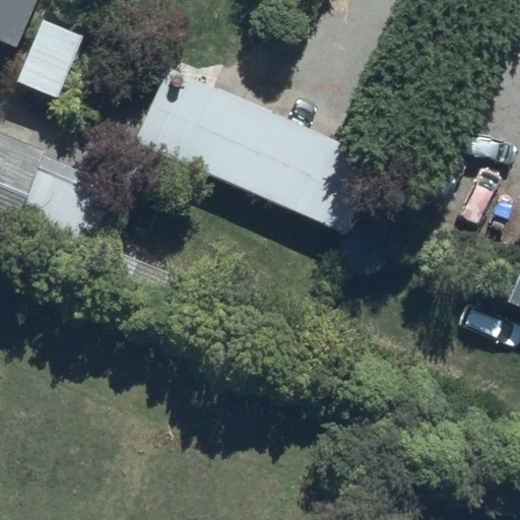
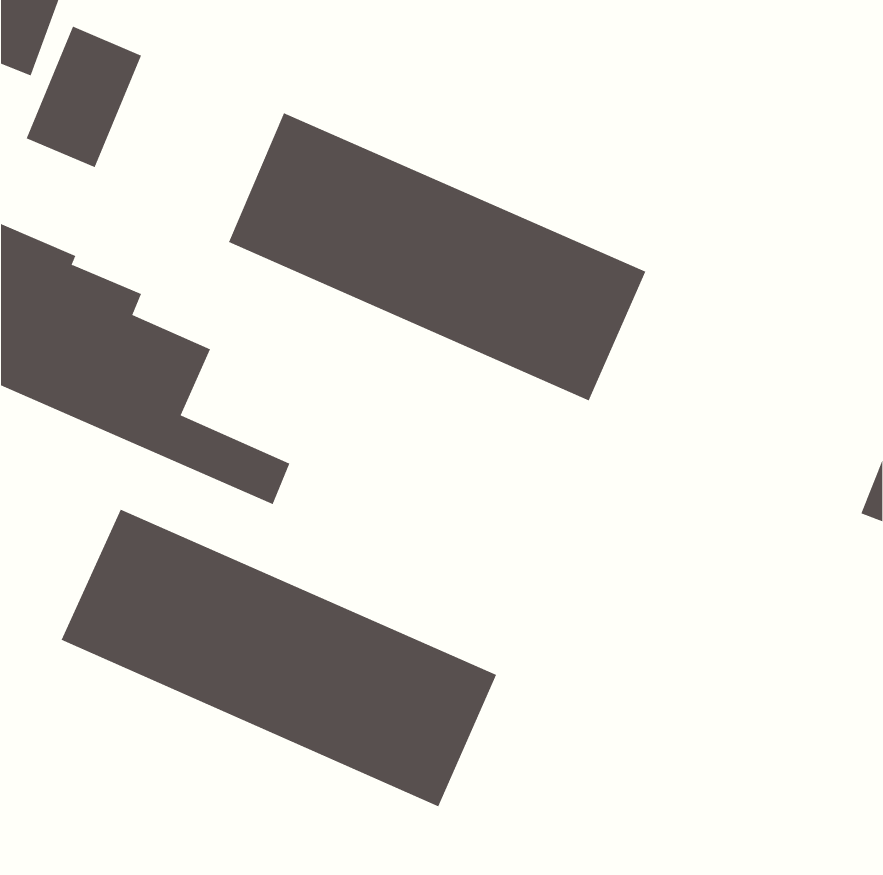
building: none -> [61,509,497,807]

